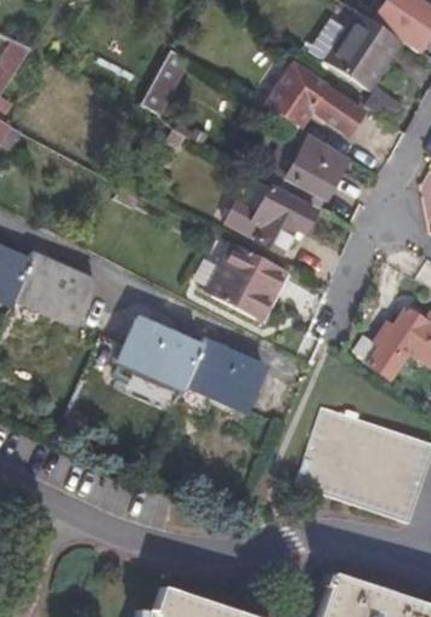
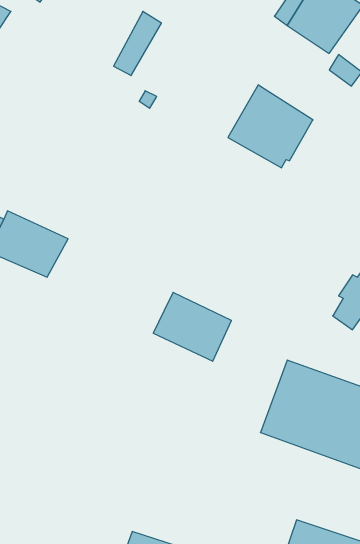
building: [265,62,363,133] -> none
building: [219,187,316,253] -> none
building: [206,241,287,318] -> none
building: [119,316,200,385] -> none

